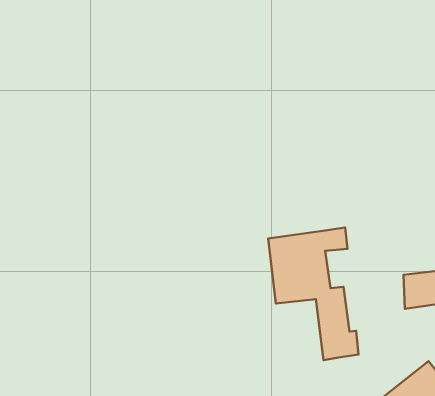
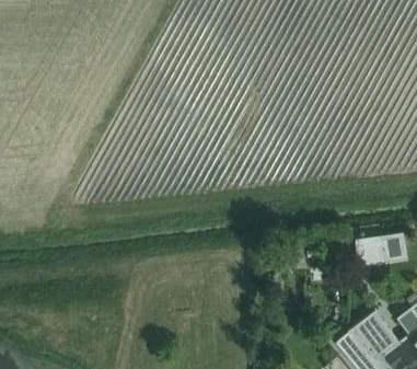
building: [268,227,358,360] -> none

